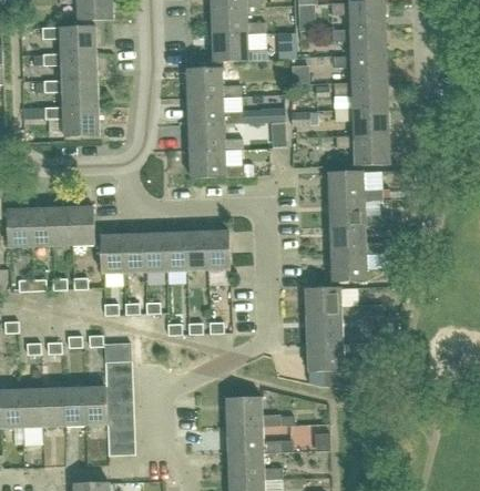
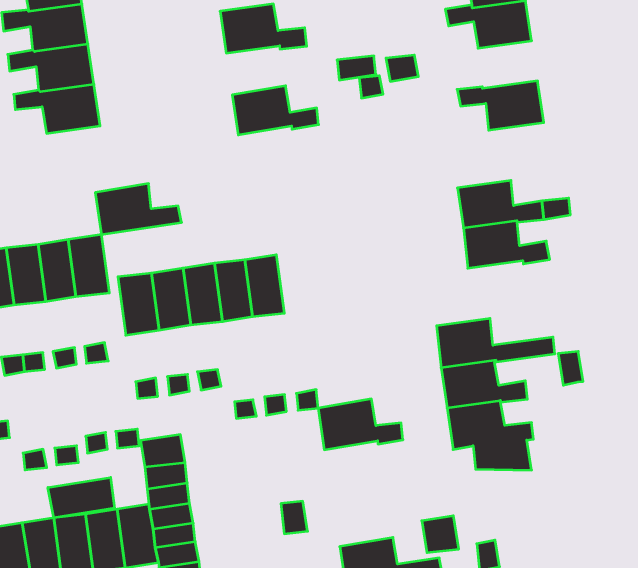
building: [186,95,241,124] -> none
building: [334,110,388,137] -> none
building: [188,149,243,178] -> [95,184,182,234]
building: [327,171,381,201] -> none
building: [205,231,228,270] -> none
building: [329,253,385,282] -> none
building: none -> [48,477,115,518]
building: [225,397,278,427] -> [318,399,403,450]

